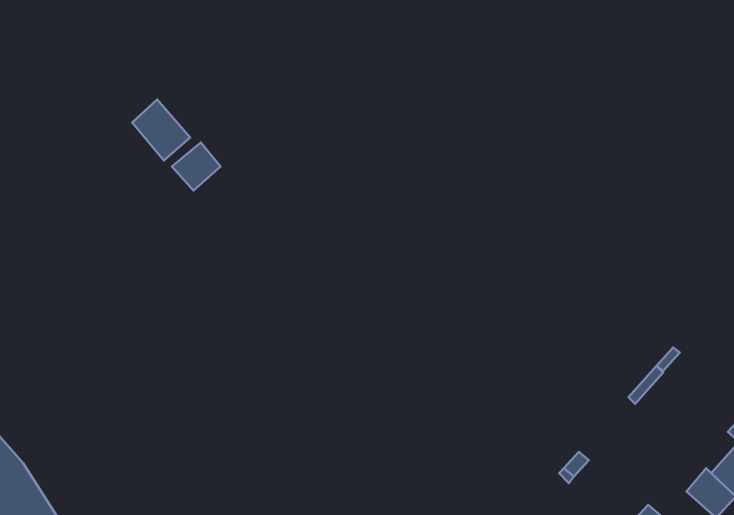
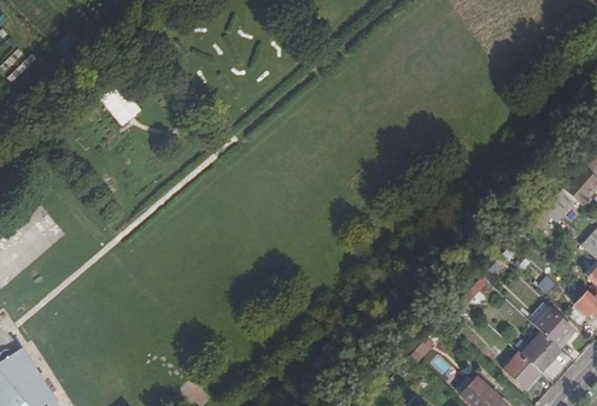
building: [172,142,221,190] -> none

